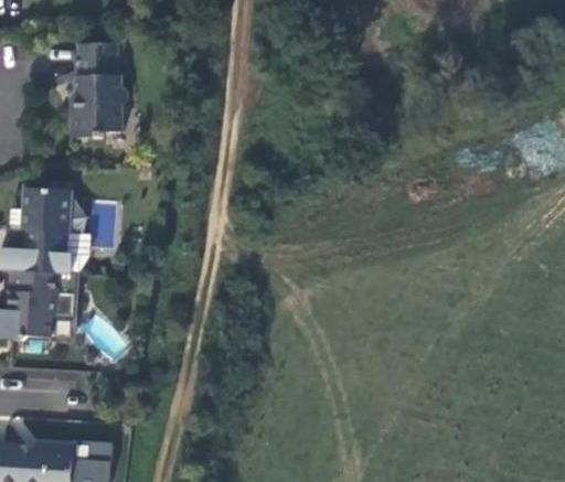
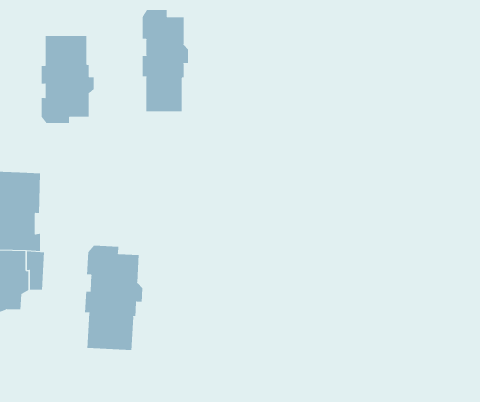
building: none -> [142,9,189,112]
building: none -> [85,245,143,351]

